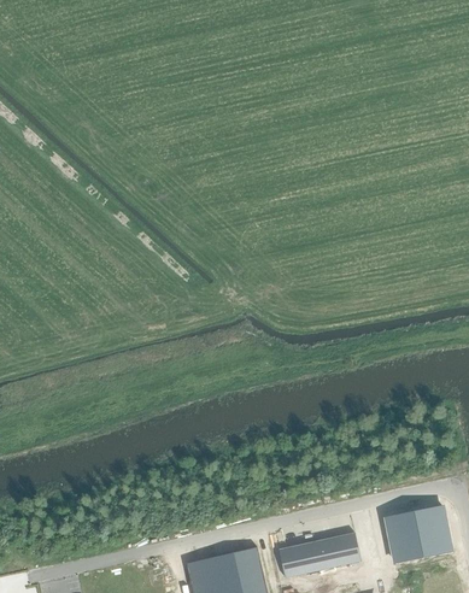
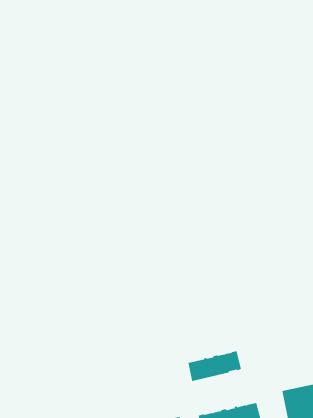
building: none -> [188,350,242,382]

